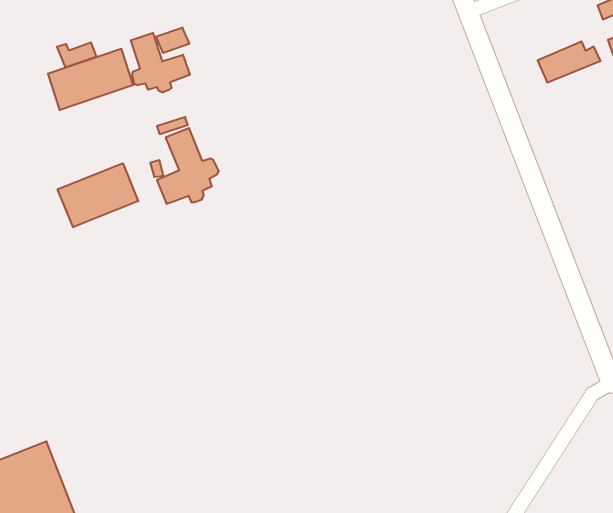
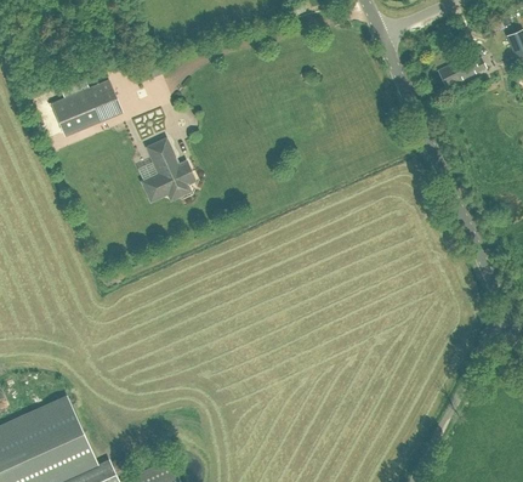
building: [131,33,190,93] -> none
building: [58,163,138,227] -> none

